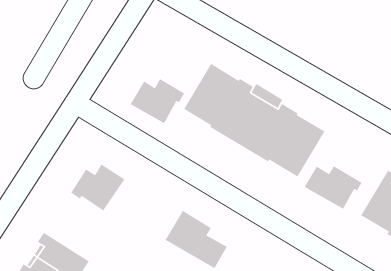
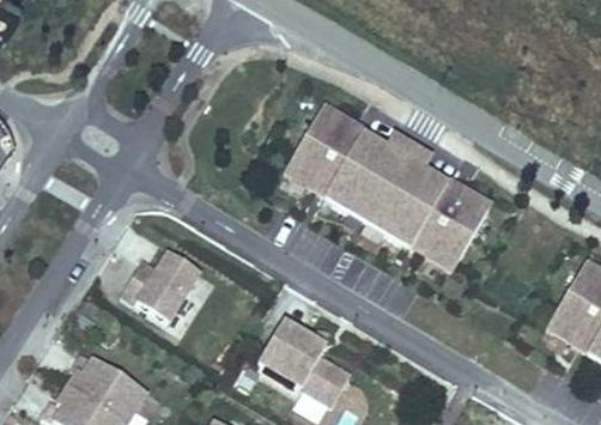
building: [129,78,185,124] -> none
building: [304,165,363,210] -> none

